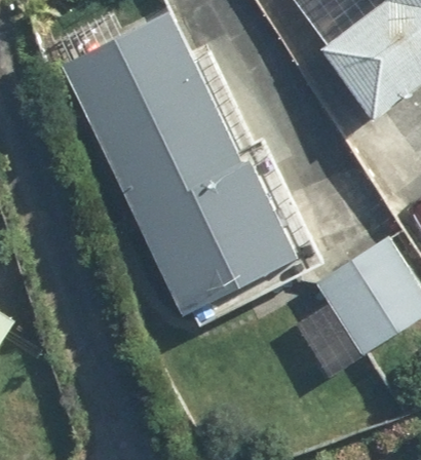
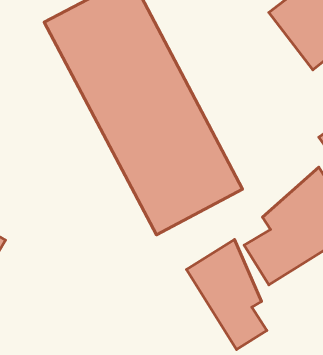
building: none -> [187,240,267,349]

